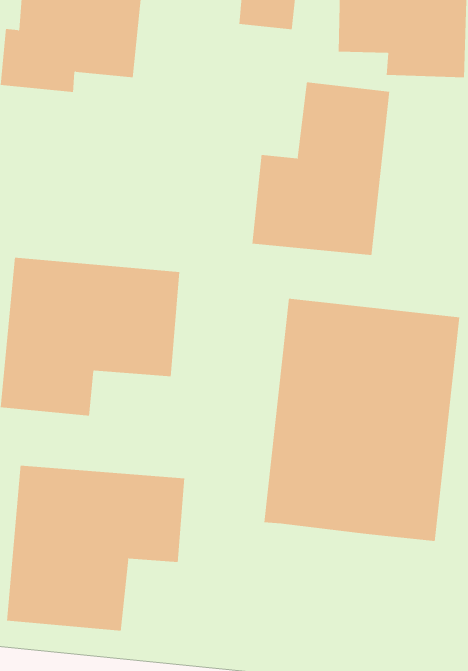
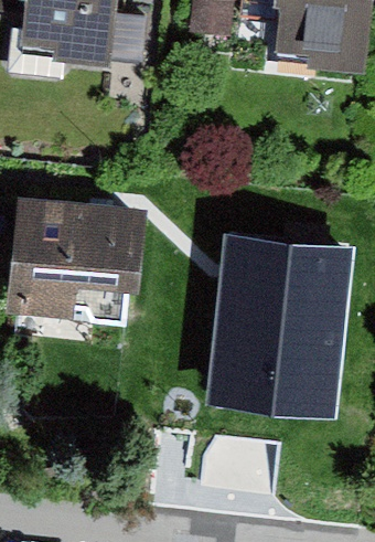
building: [252,82,390,256] -> none
building: [6,465,185,632] -> none

